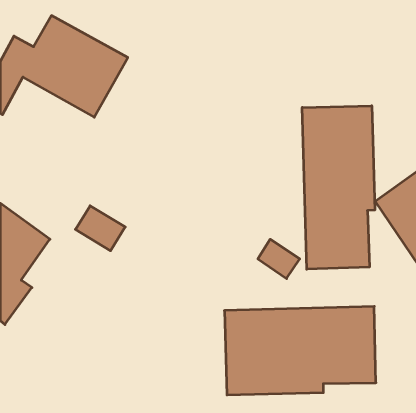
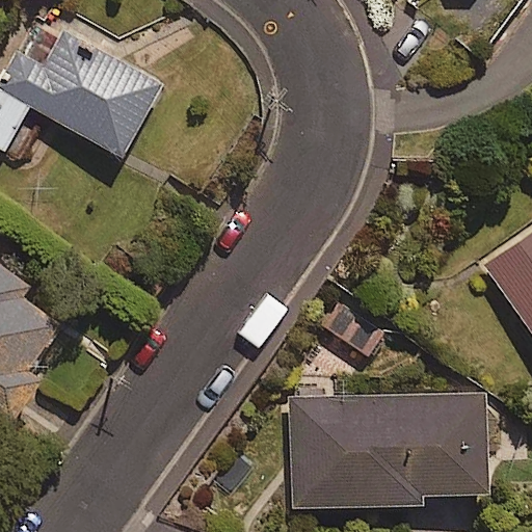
building: [302,106,375,269] -> none

